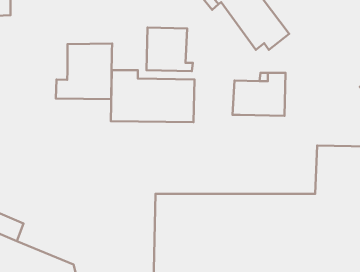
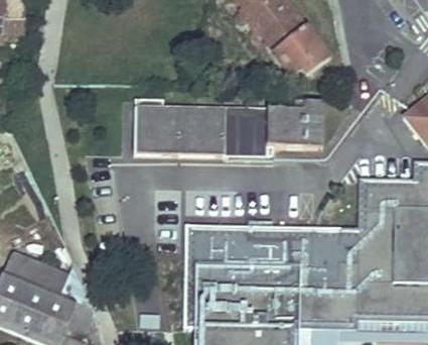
building: [146,28,193,71] -> [224,106,274,153]
building: [56,44,112,99] -> none

